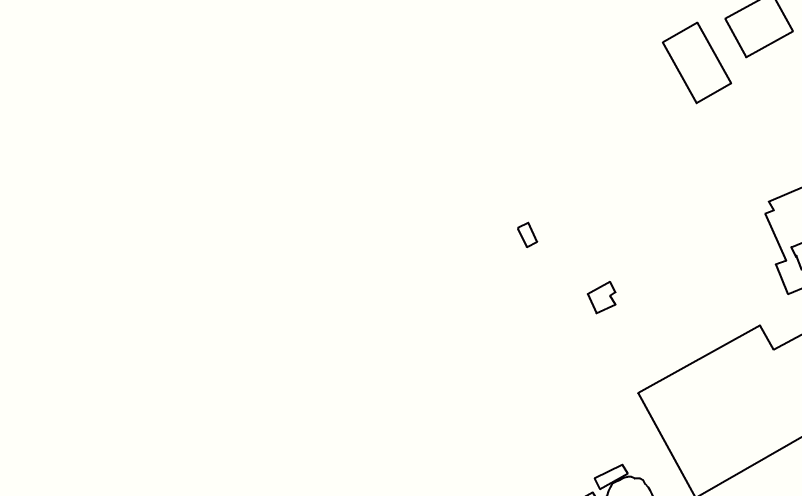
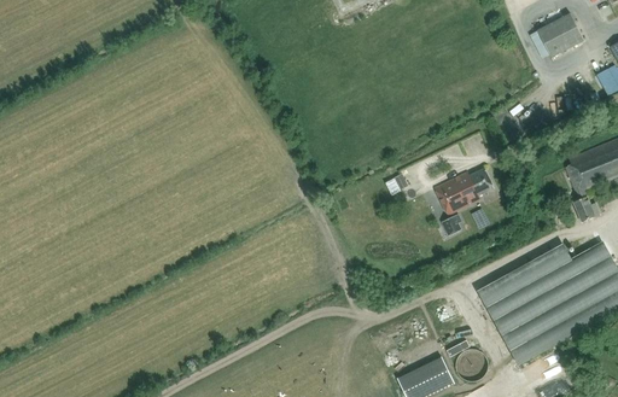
building: [663,23,731,103] -> none
building: none -> [435,167,494,214]

